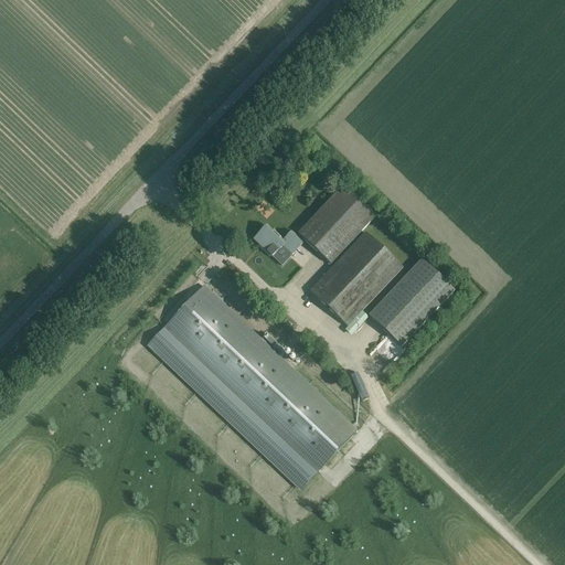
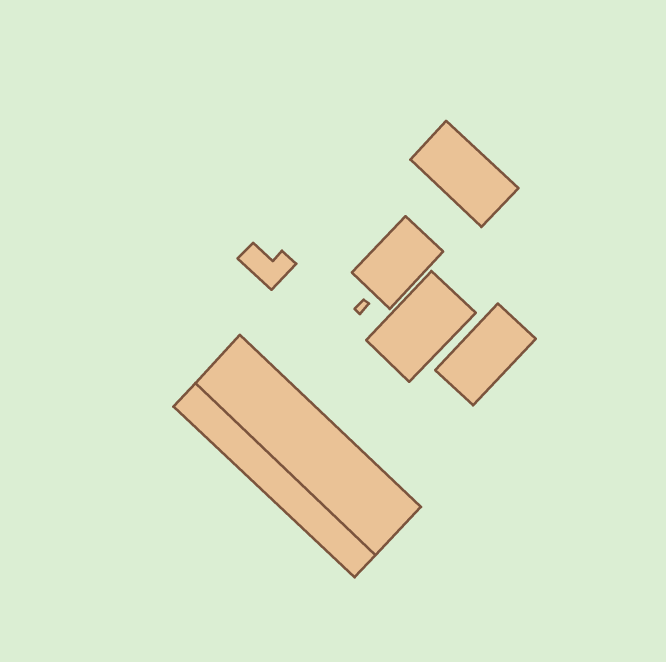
building: none -> [410,121,518,227]
building: [253,223,302,263] -> [238,243,296,290]

